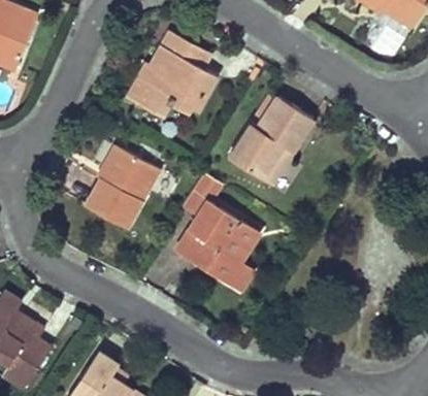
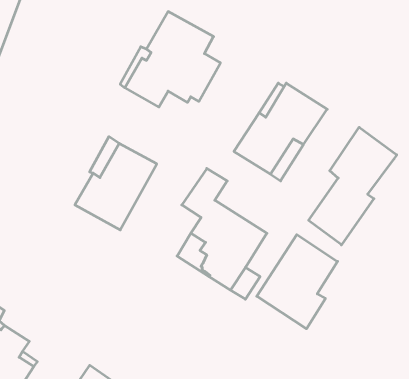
building: none -> [309,127,397,245]
building: none -> [257,235,338,329]

